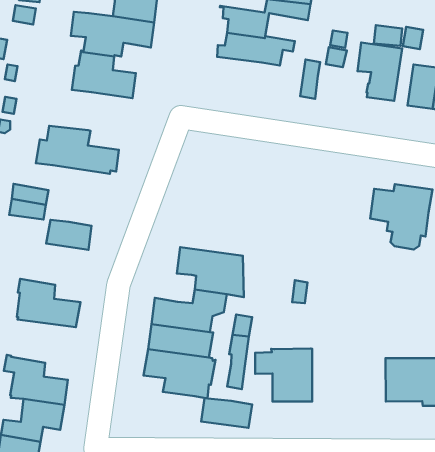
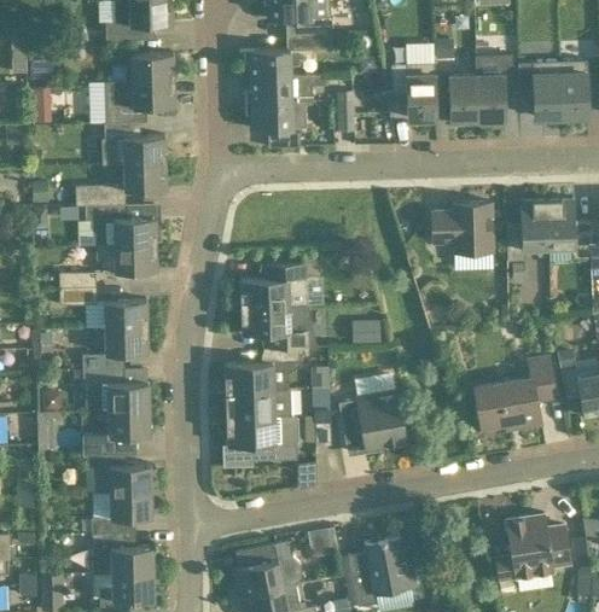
building: none -> [245,101,300,147]
building: none -> [75,162,167,205]
building: none -> [95,244,156,272]
building: none -> [240,262,307,307]
building: none -> [82,326,147,368]
building: none -> [81,408,150,450]
building: [201,398,252,428] -> none

